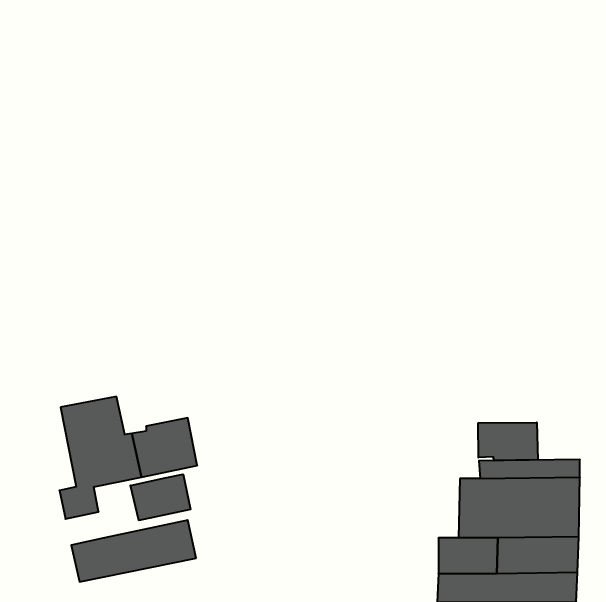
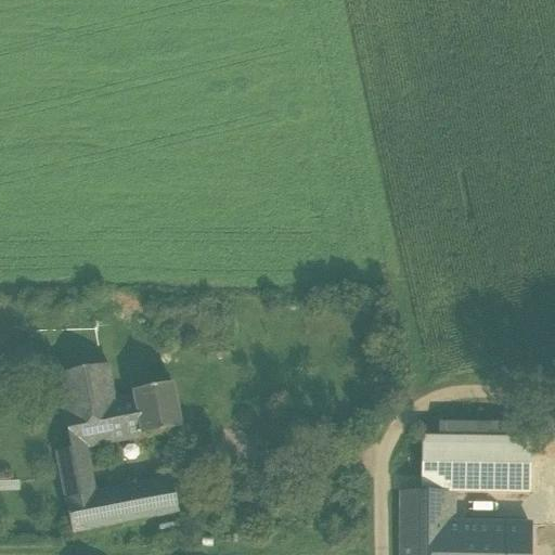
building: [478,422,538,461] -> none
building: [130,474,191,520] -> none
building: none -> [60,467,95,498]

